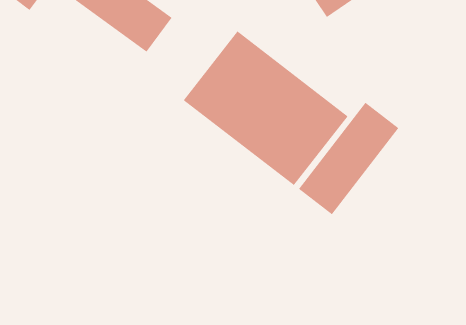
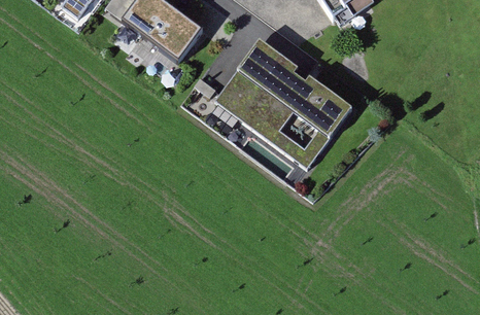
building: [298,102,399,215] -> none

